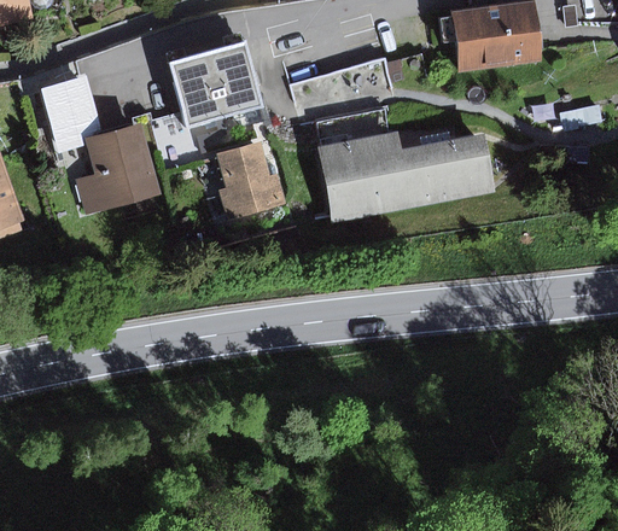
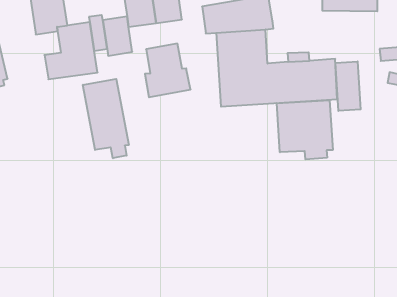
building: none -> [335,61,361,111]
building: none -> [277,100,333,159]
building: none -> [83,79,129,158]

